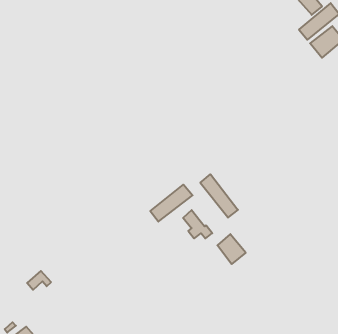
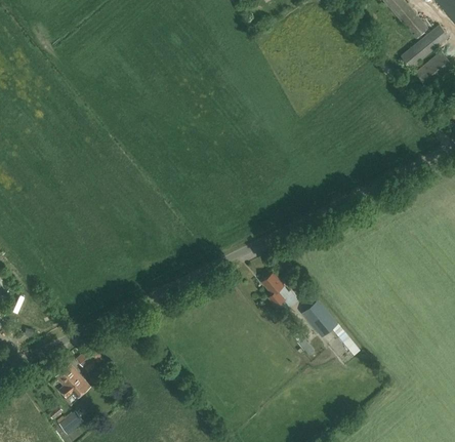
building: [200,174,238,218] -> none
building: [150,185,193,222] -> none
building: none -> [56,363,90,404]

